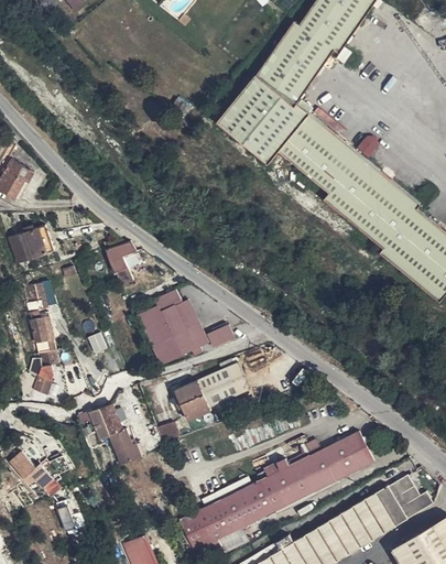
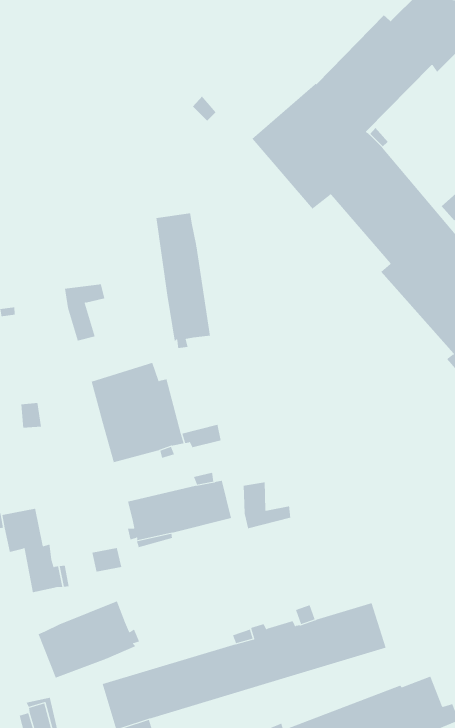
building: none -> [156,212,210,349]
building: none -> [243,482,291,529]
building: none -> [38,601,140,678]

